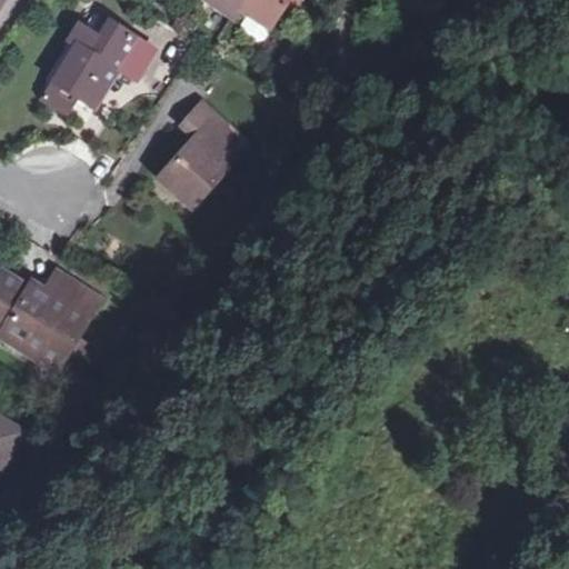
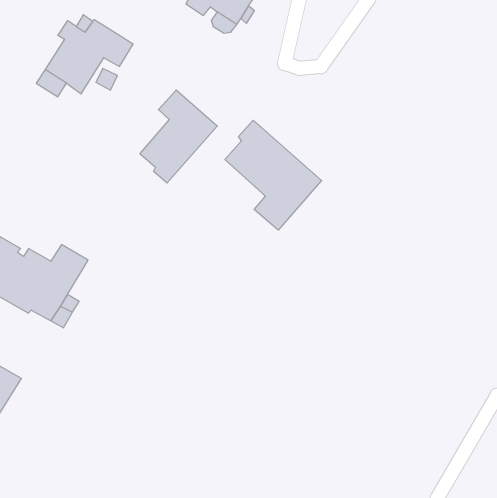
building: none -> [225,120,322,230]

